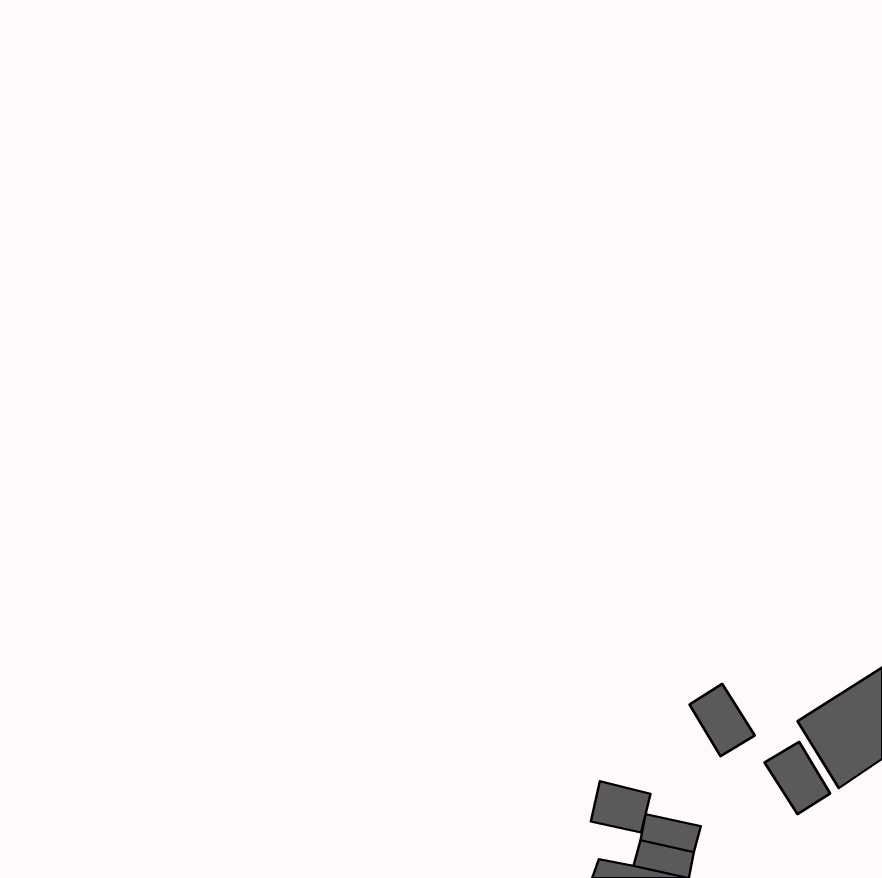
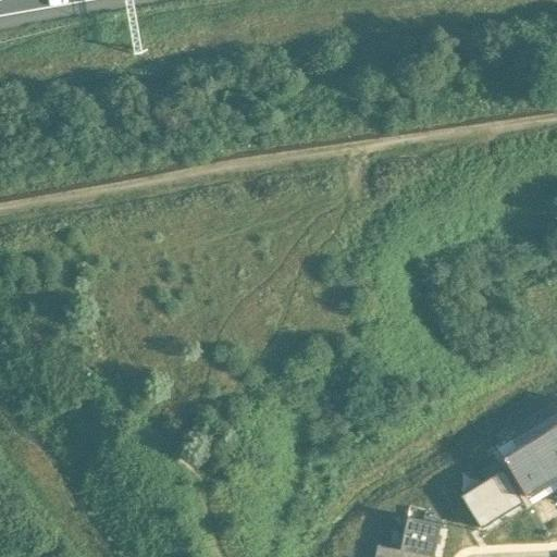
building: [689,684,755,756] -> [461,481,503,527]
building: [591,781,650,833] -> none

